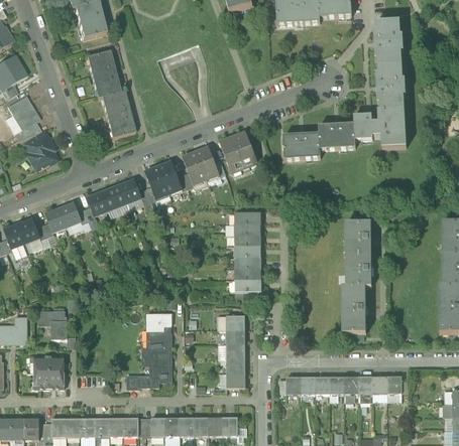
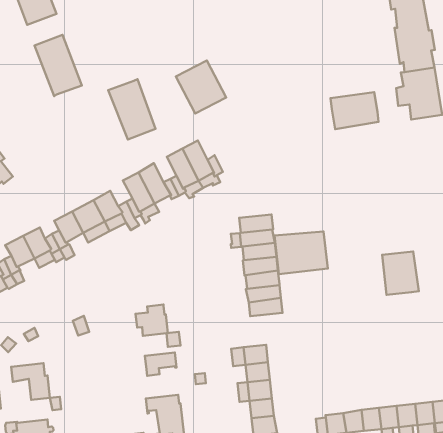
building: [99,91,133,138] -> [108,79,156,140]
building: [353,113,372,139] -> none
building: [218,131,256,172] -> [176,61,226,114]
building: [282,133,320,159] -> none
building: [345,221,370,254] -> none
building: none -> [274,231,328,274]
building: [342,286,365,332] -> none
building: [146,324,170,347] -> [136,305,168,336]

